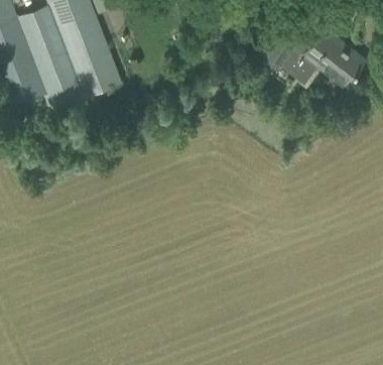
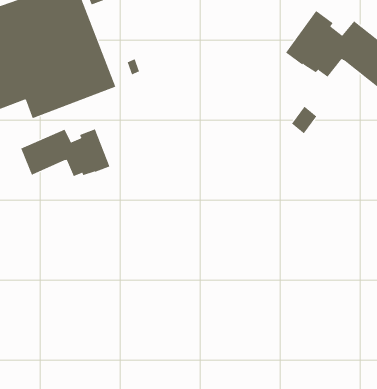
building: none -> [21,128,110,177]

